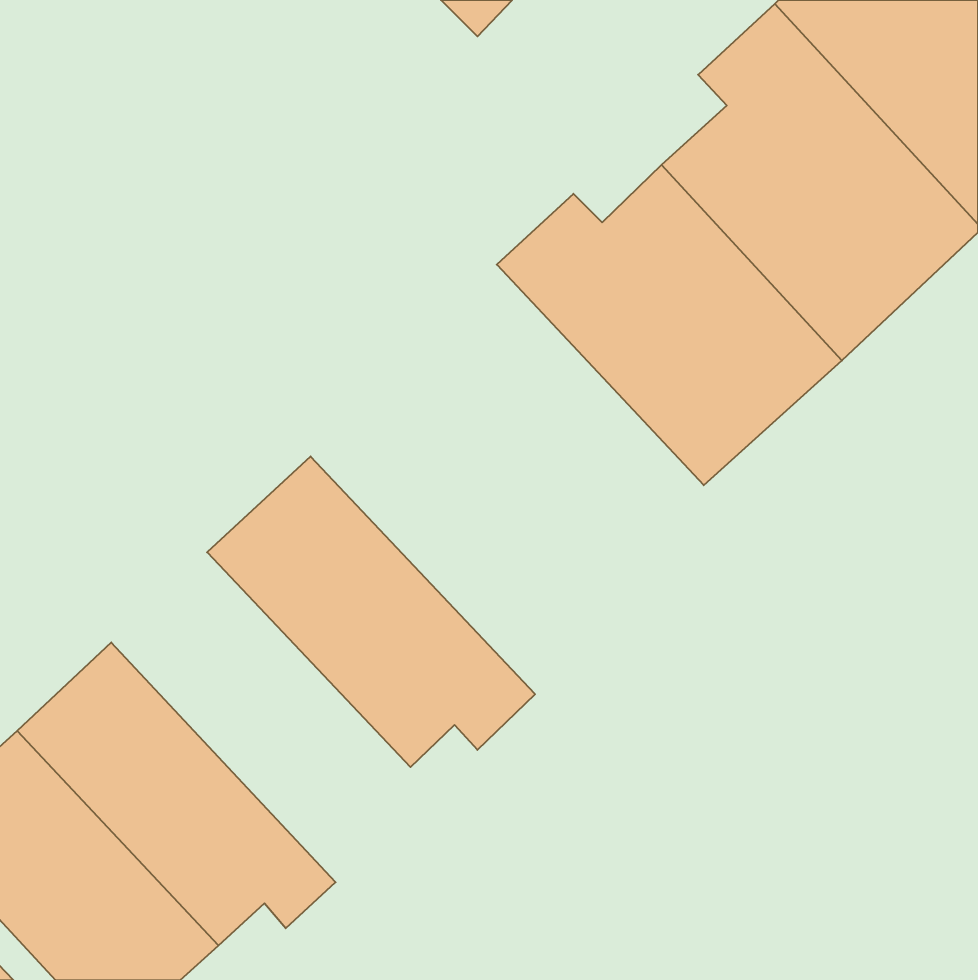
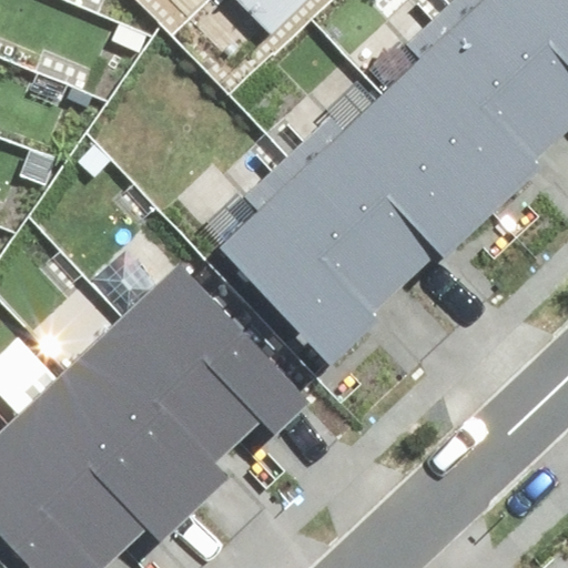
building: none -> [222,153,407,357]
building: none -> [64,320,237,510]

